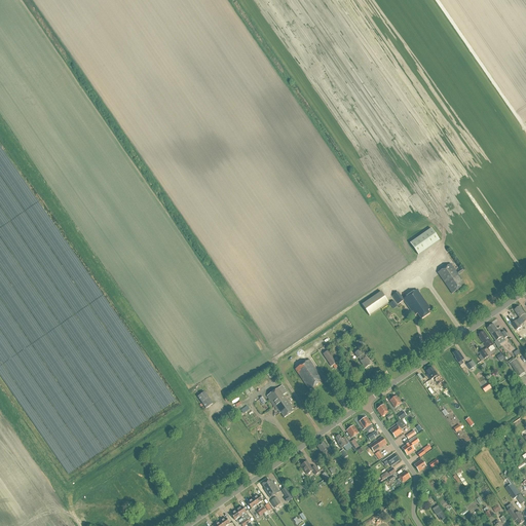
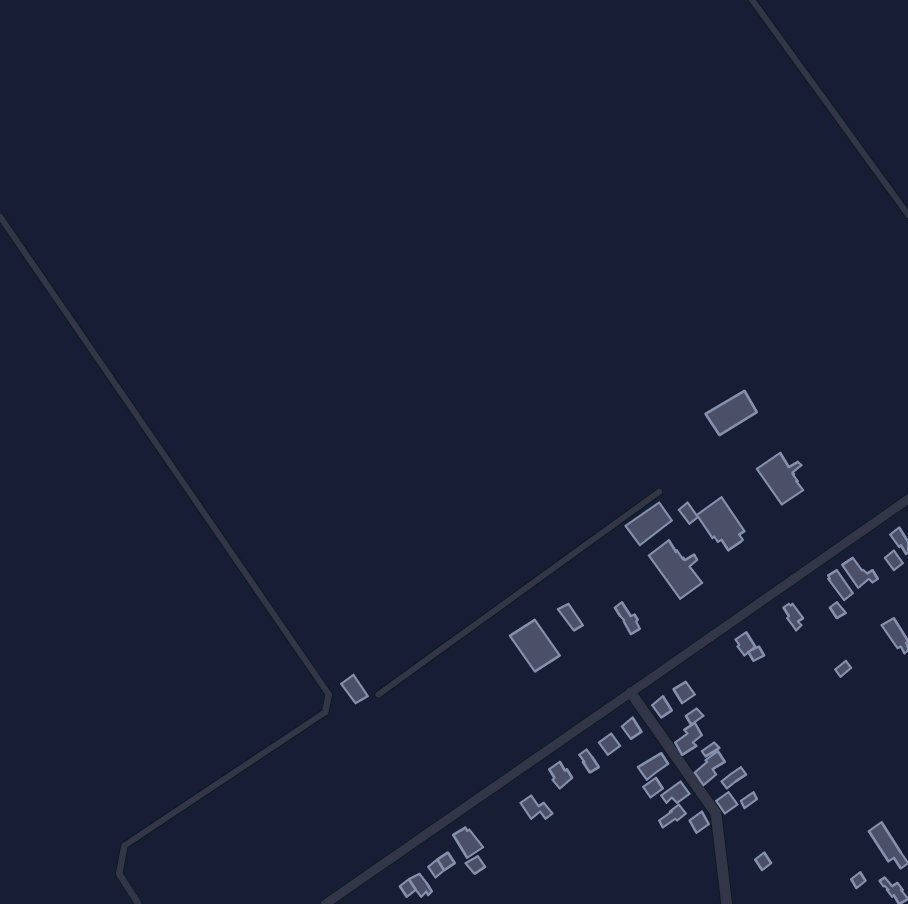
building: none -> [649,540,702,599]
building: [267,384,293,416] -> none

